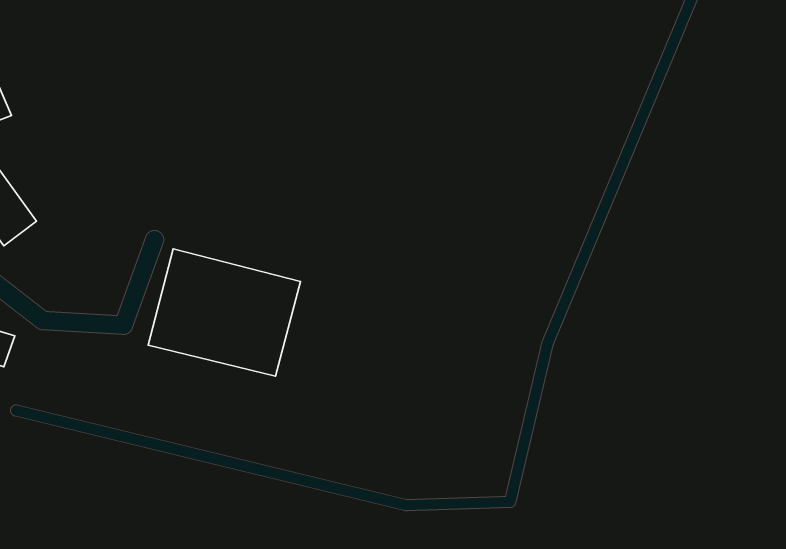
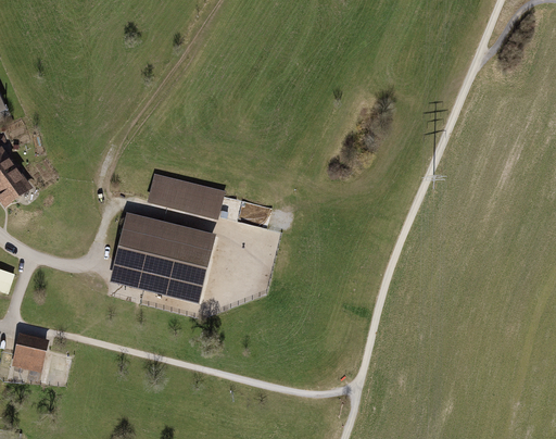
building: none -> [146,173,224,218]
building: none -> [13,339,50,374]

